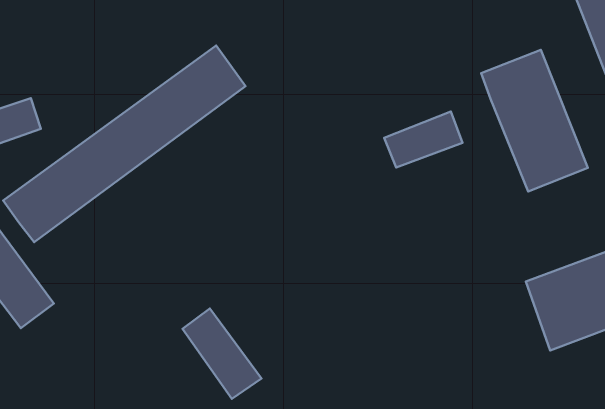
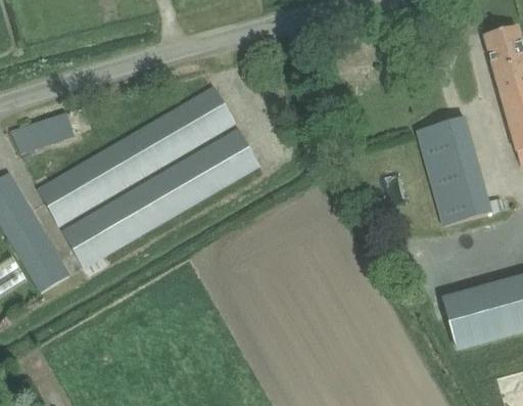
building: none -> [61,129,258,267]
building: [384,111,462,168] -> none
building: [183,308,261,399] -> none

